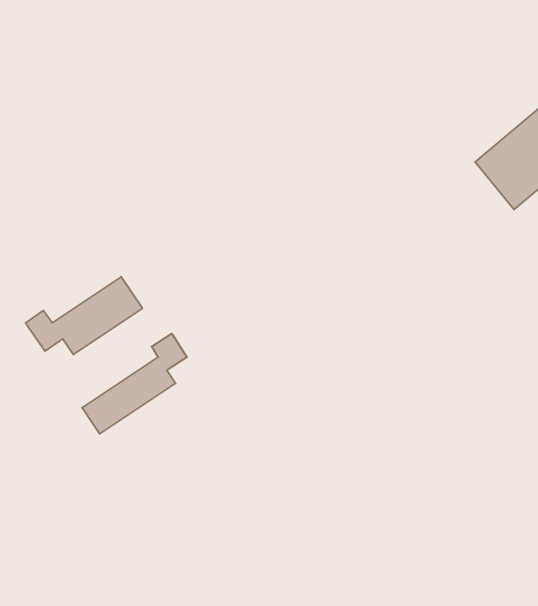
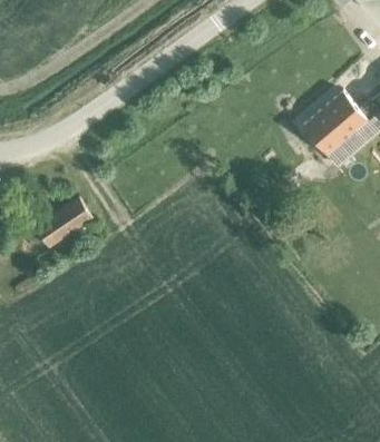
building: [82,334,187,434] -> none

